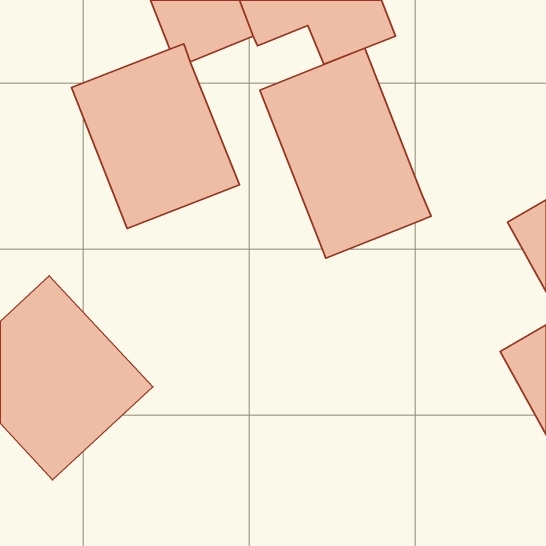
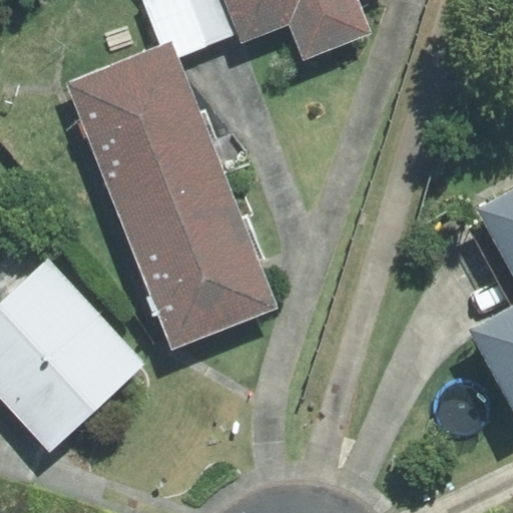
building: [260,48,431,258] -> none
building: none -> [119,173,278,349]

